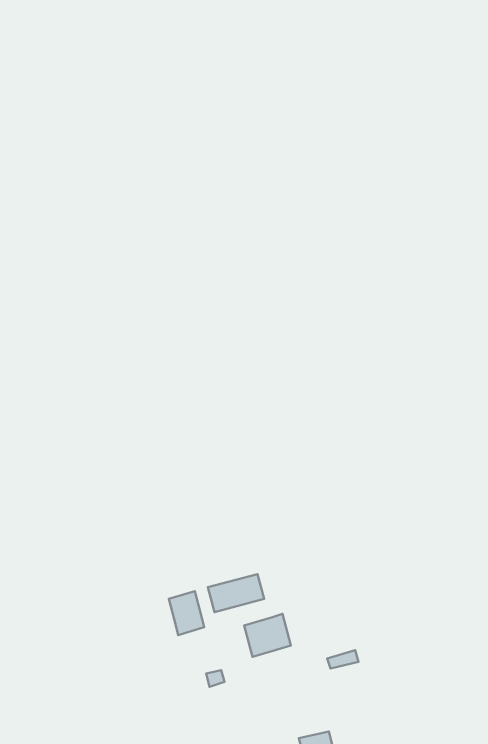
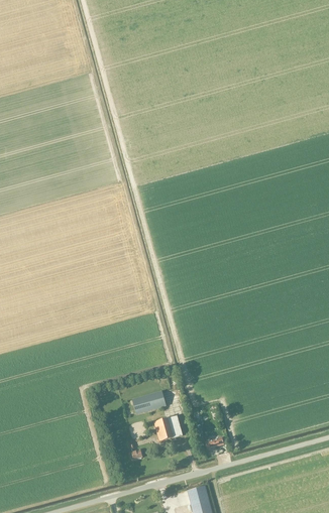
building: [169,591,204,635] -> none

